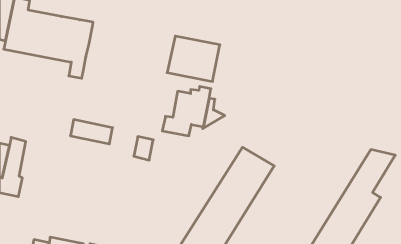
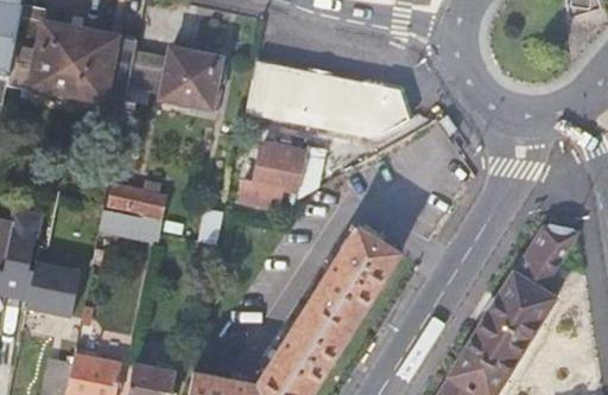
building: none -> [126,47,221,109]
building: none -> [311,75,405,140]
building: none -> [99,210,160,243]
building: none -> [26,261,81,316]

